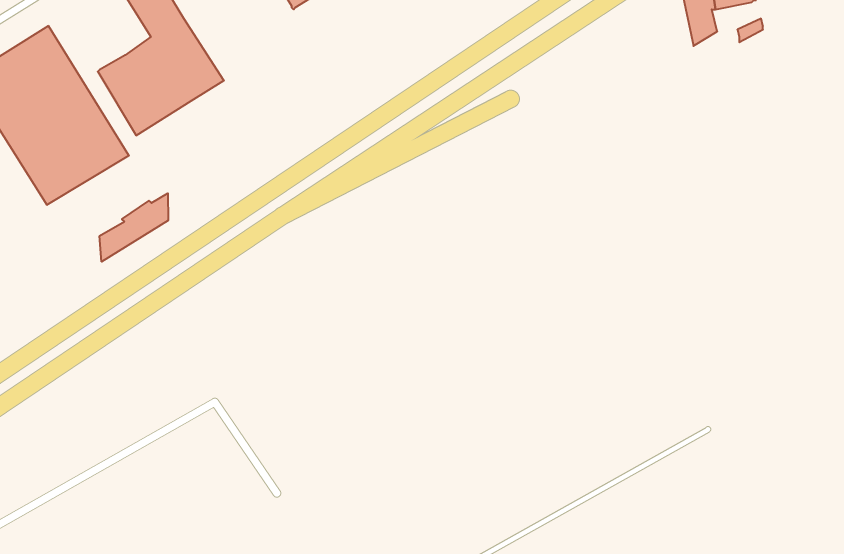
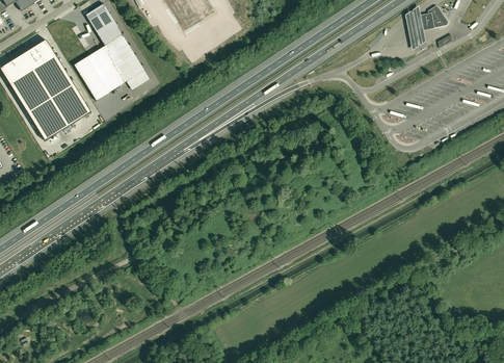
building: [100,193,168,262] -> none

